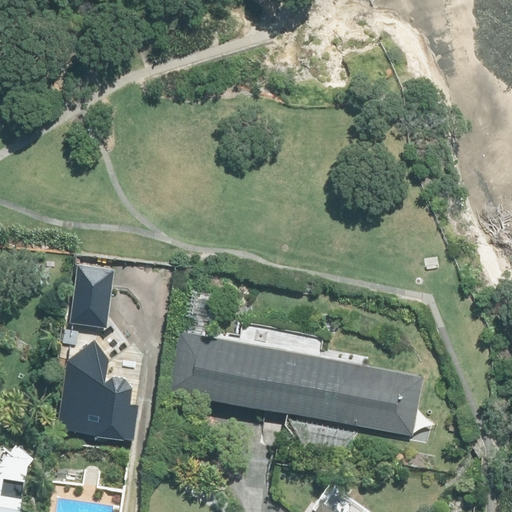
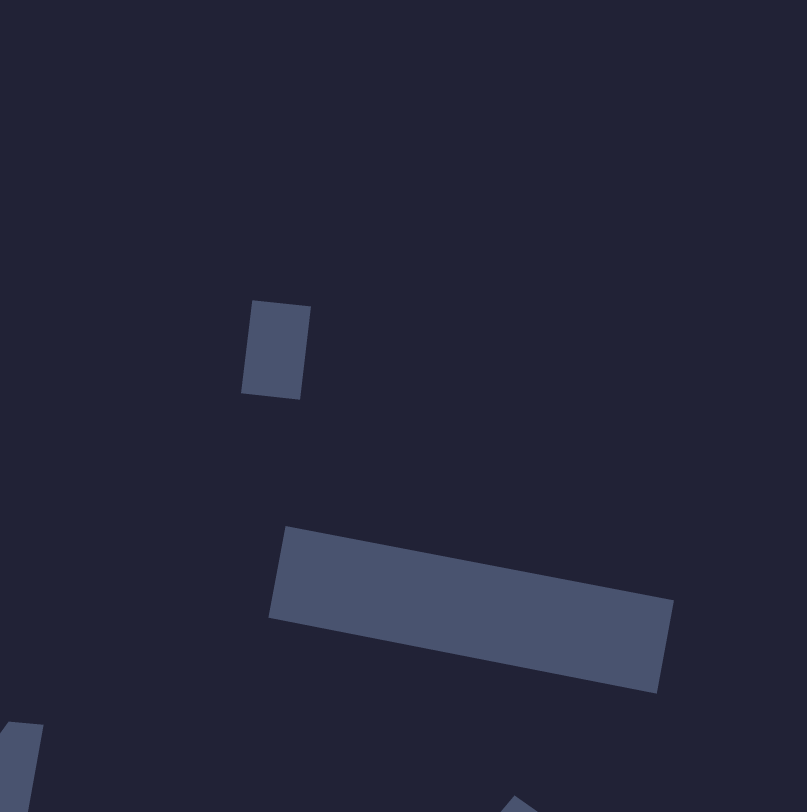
building: [70,263,115,326] -> [240,300,312,400]
building: [54,341,140,439] -> none

